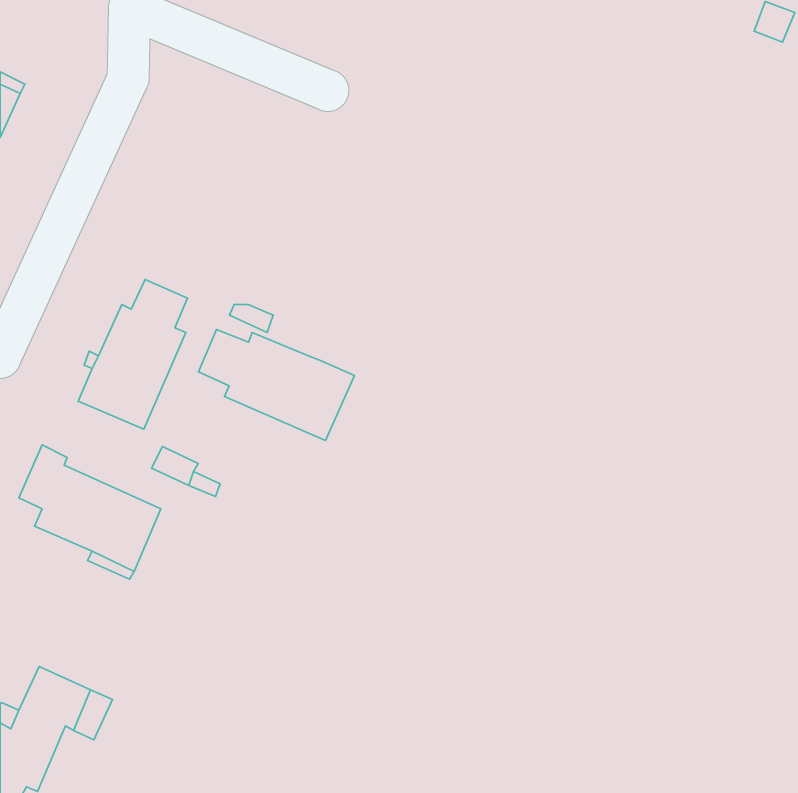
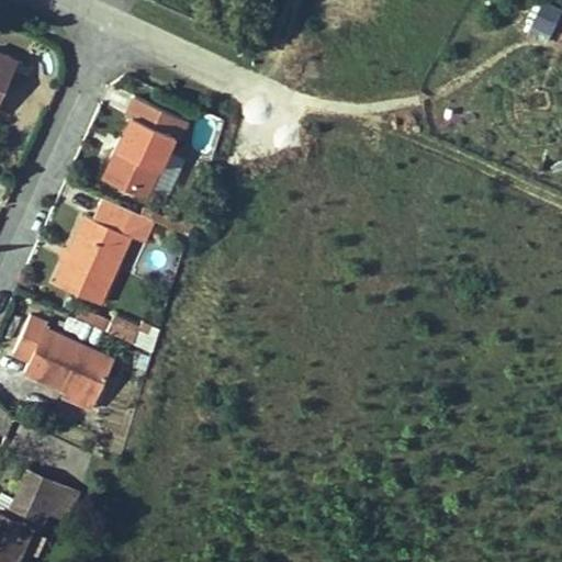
building: none -> [102,98,188,201]
building: [199,330,354,441] -> none

